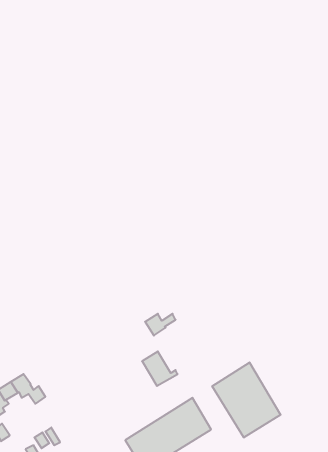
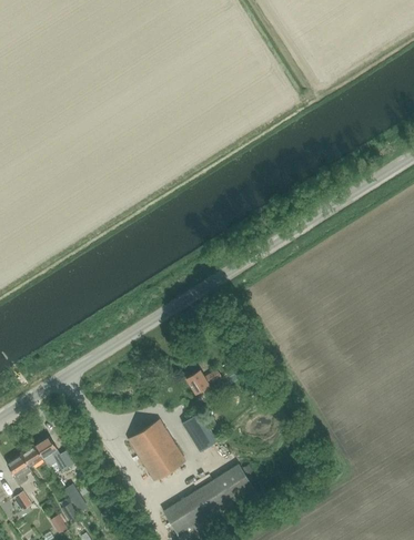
building: none -> [128,419,185,480]
building: [212,362,281,438] -> none

